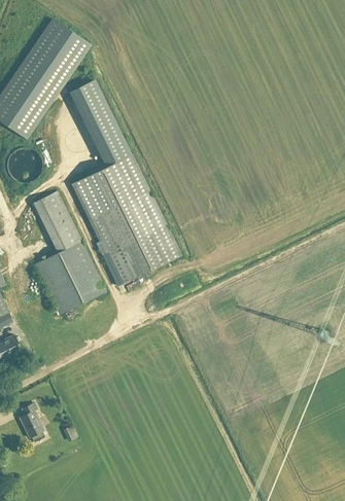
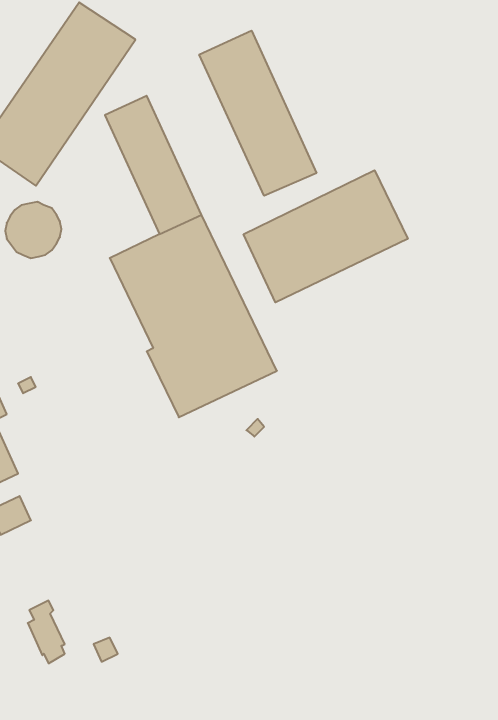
building: none -> [199,31,316,196]
building: none -> [244,170,408,302]
building: [33,190,105,314] -> none

